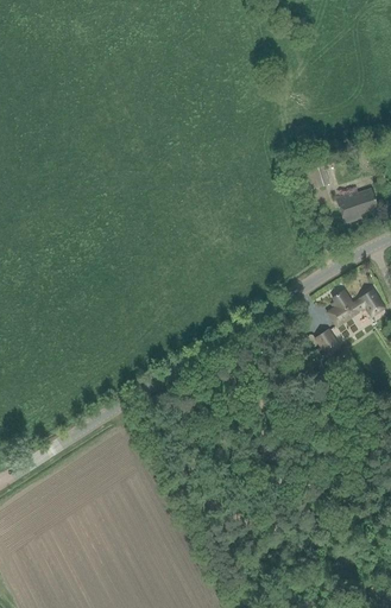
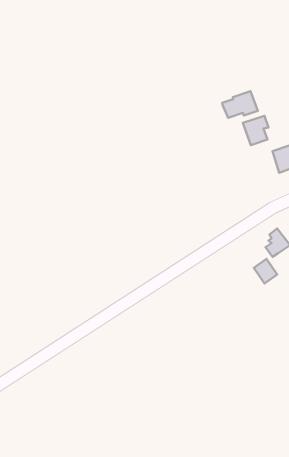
building: none -> [222,91,258,118]

